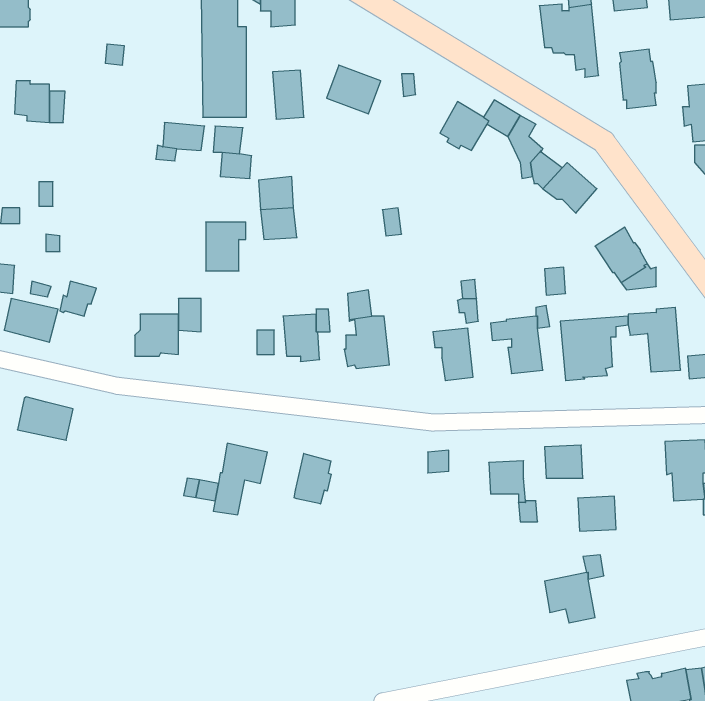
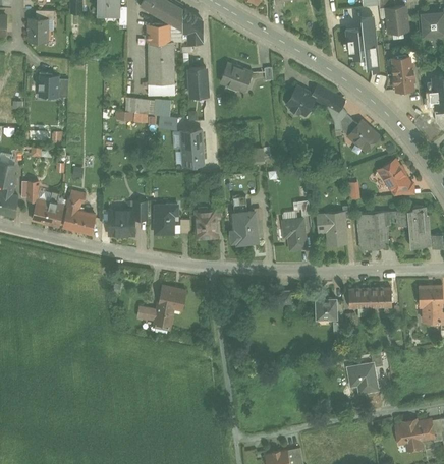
building: [206,222,246,271] -> [154,206,177,234]
building: [17,397,73,440] -> [62,209,95,234]
building: [294,453,331,504] -> none
building: [578,496,616,531] -> [369,286,391,306]

